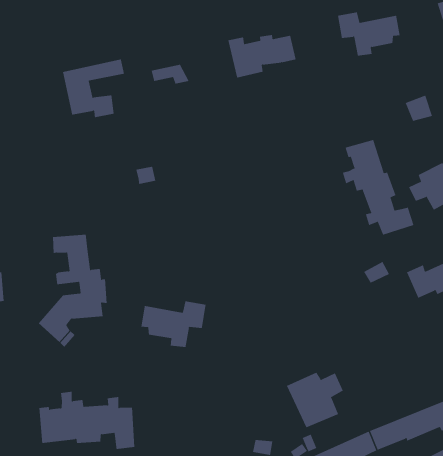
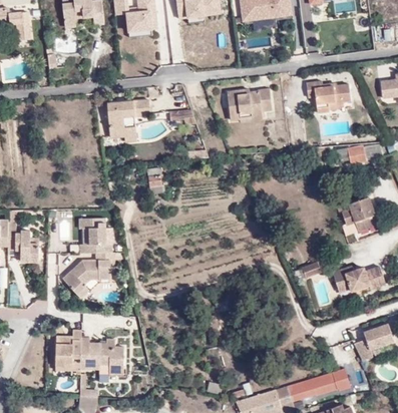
building: [342,139,414,235] -> none
building: [141,301,206,348] -> none
building: [286,372,343,428] -> none

